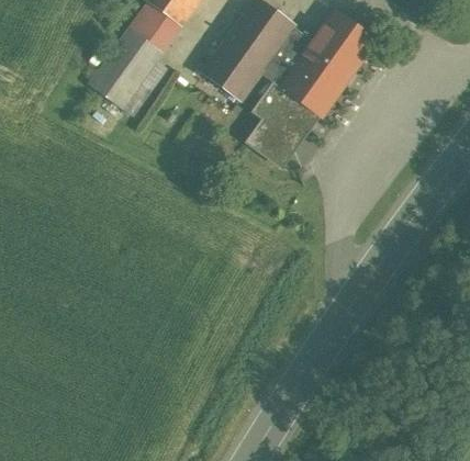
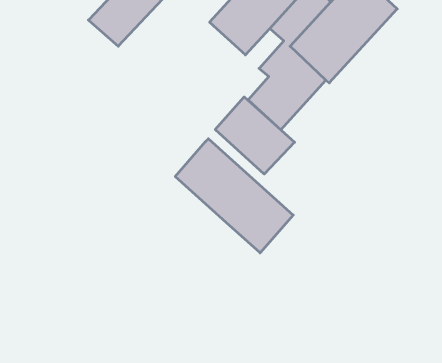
building: none -> [215,97,295,174]
building: none -> [175,139,293,253]

